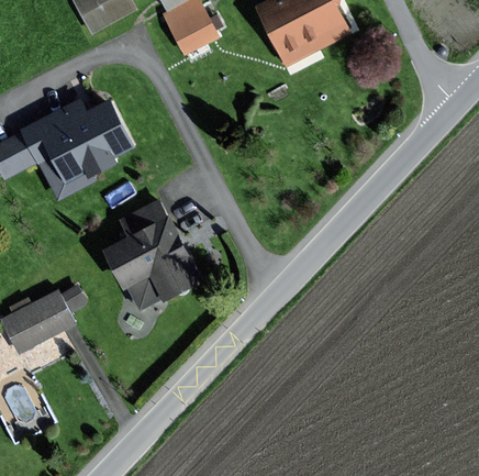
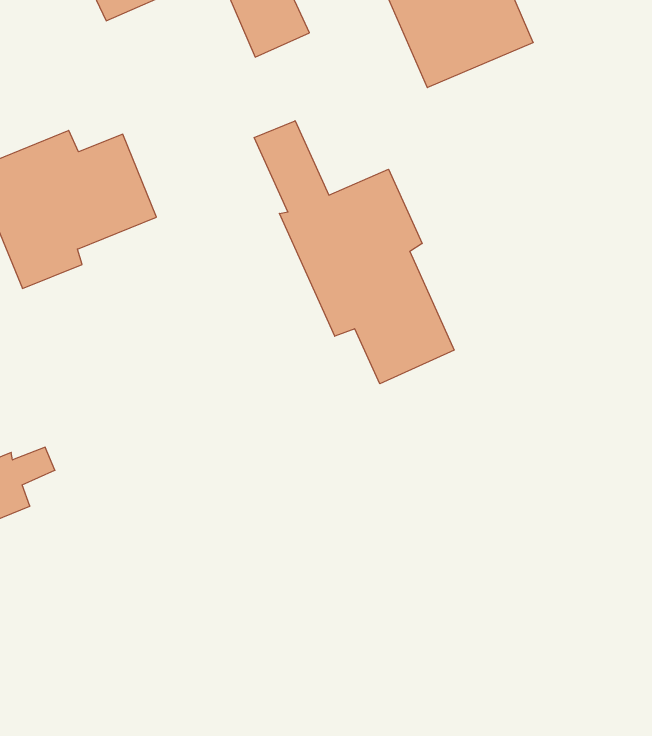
building: none -> [254,121,454,384]
building: [104,201,197,306] -> none

